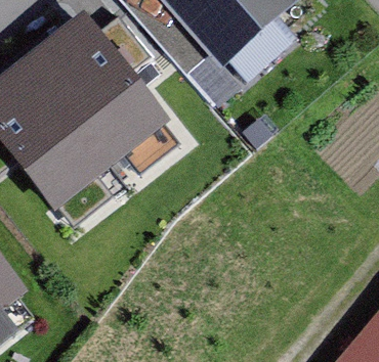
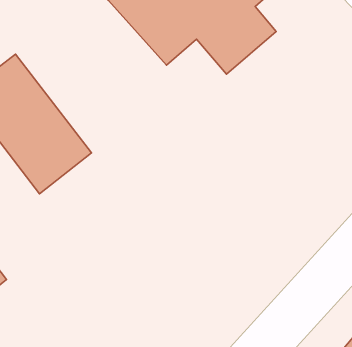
building: [30,16,162,160] -> none

